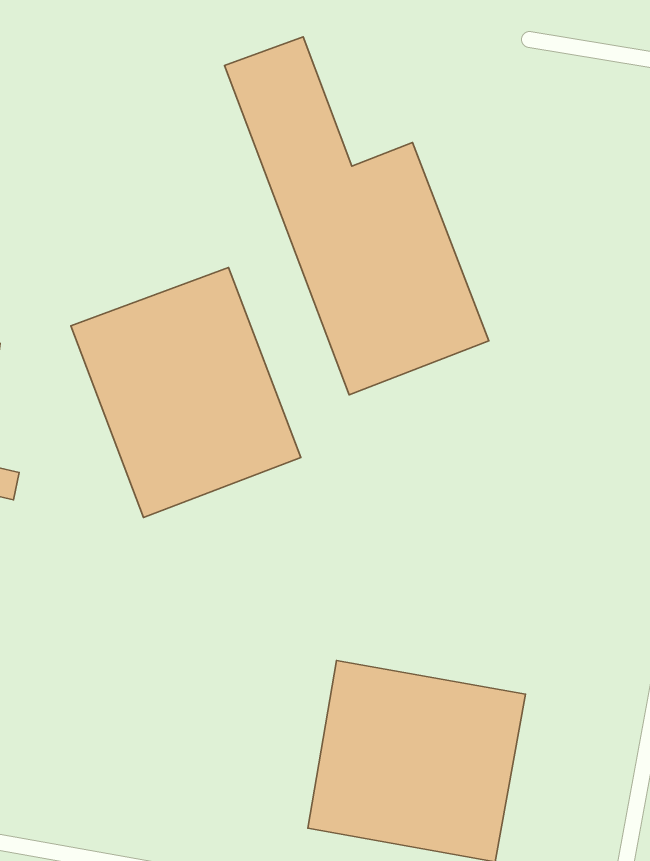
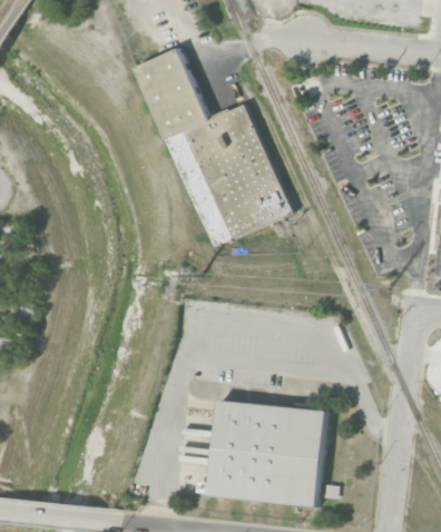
building: [71,268,301,518] -> none

